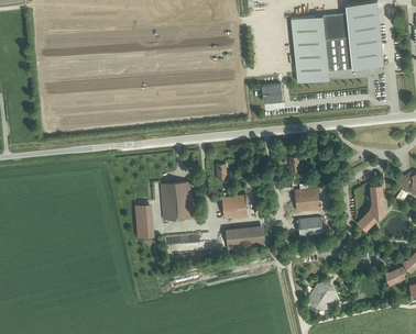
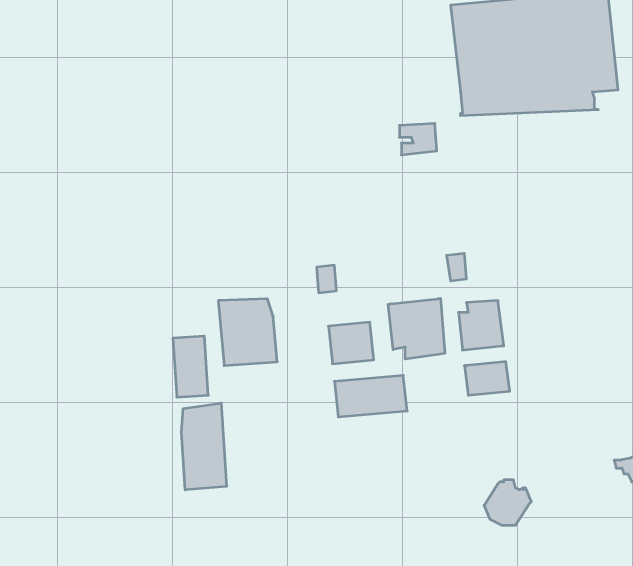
building: none -> [388,298,445,359]
building: [357,186,382,229] -> none
building: none -> [181,403,227,490]

